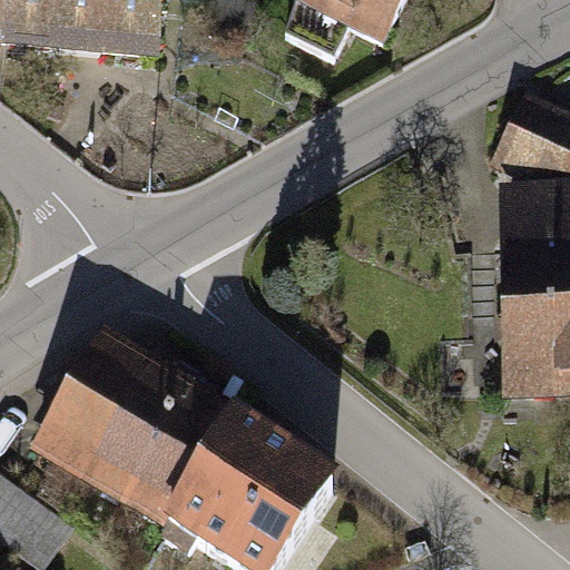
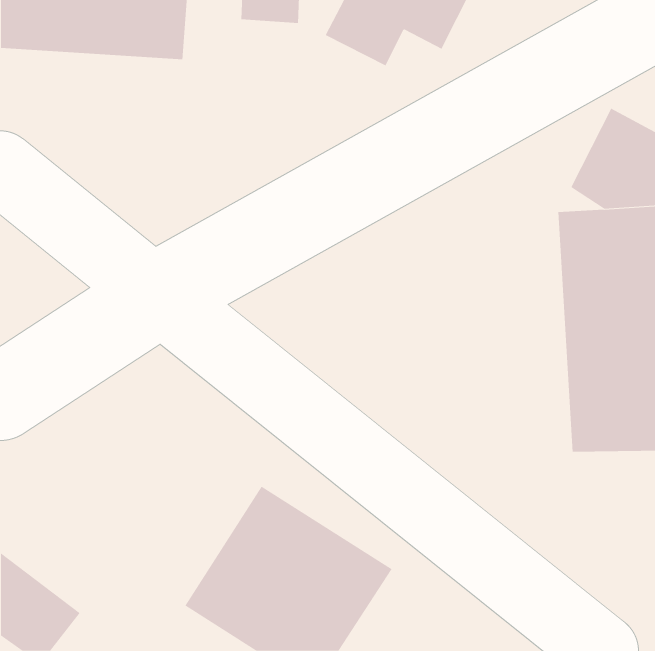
building: [30,327,236,528] -> none

